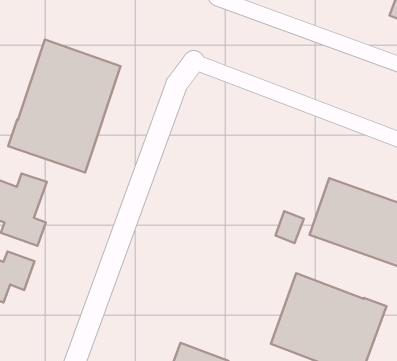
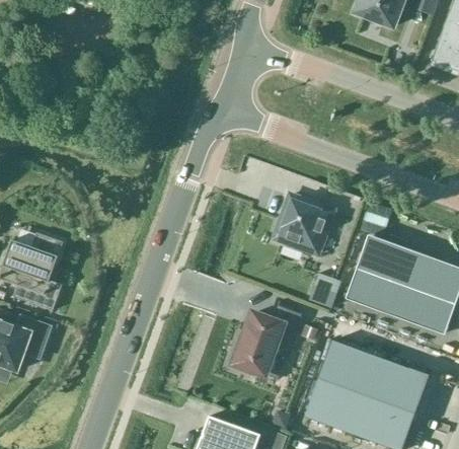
building: [8,39,120,173] -> none
building: none -> [275,195,334,254]
building: none -> [227,300,302,375]

